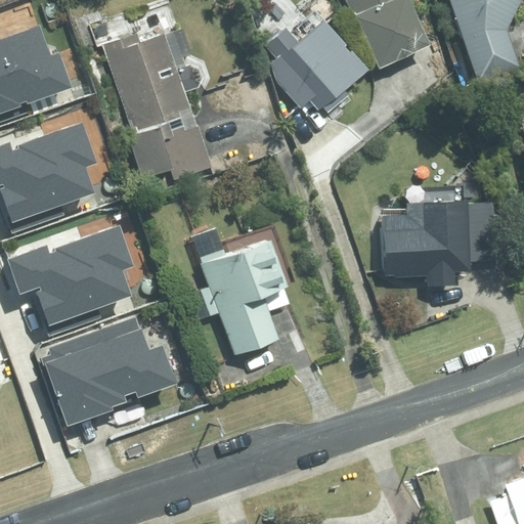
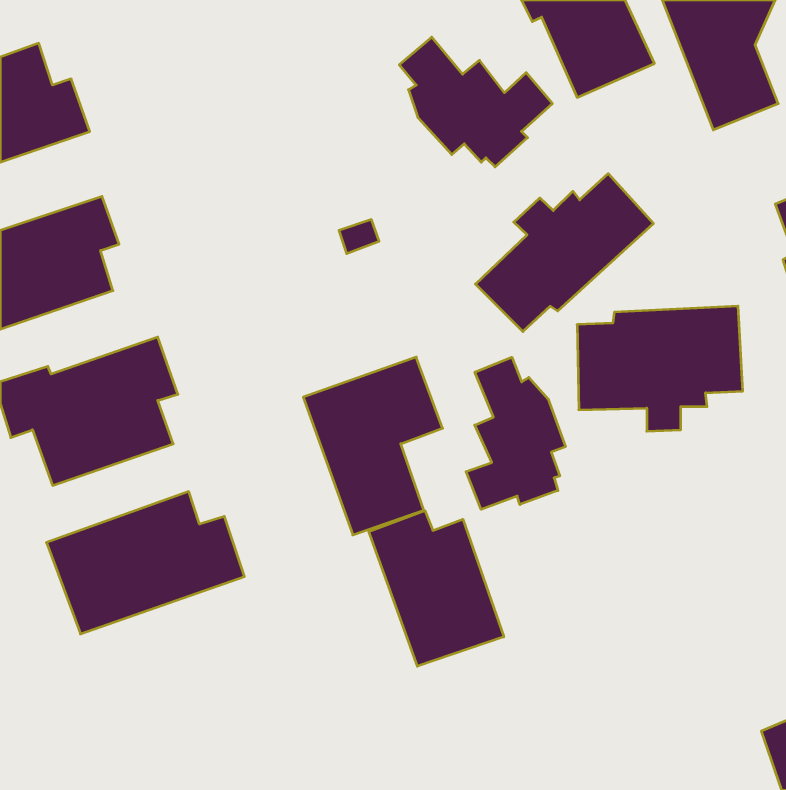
building: [104,30,215,181] -> none
building: none -> [475,174,653,332]
building: none -> [466,357,565,509]
building: none -> [369,511,504,666]

